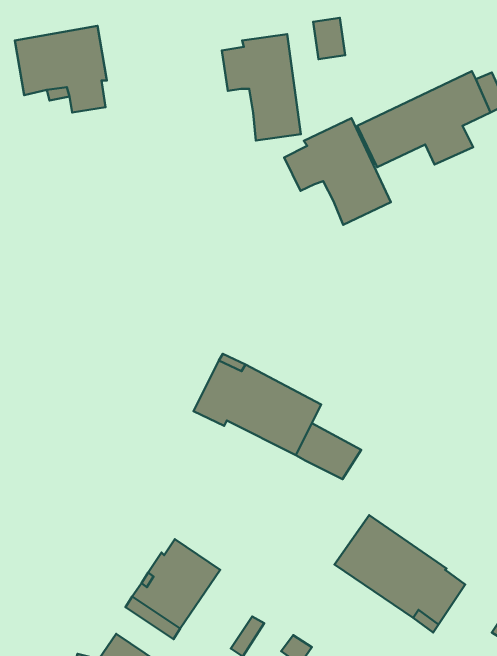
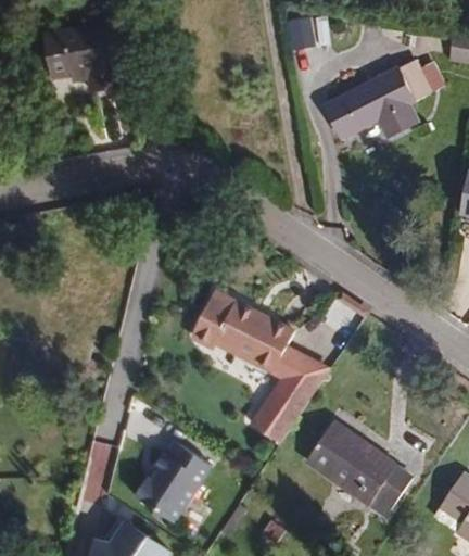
building: [222,34,301,141] -> none
building: [284,118,391,225] -> none
building: none -> [249,377,312,442]

